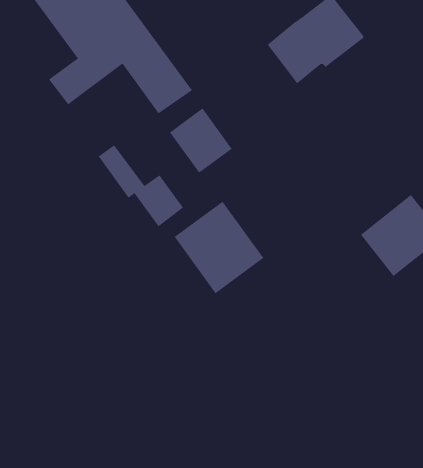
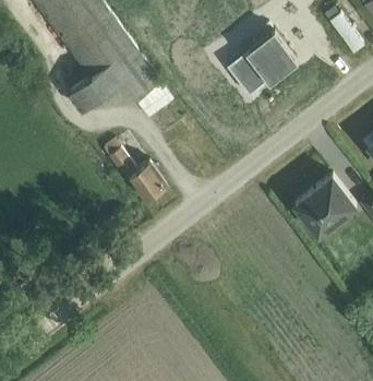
building: [169,108,233,174] -> none
building: [174,201,264,294] -> none

